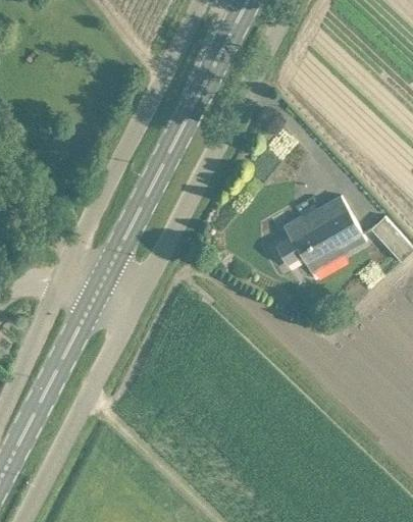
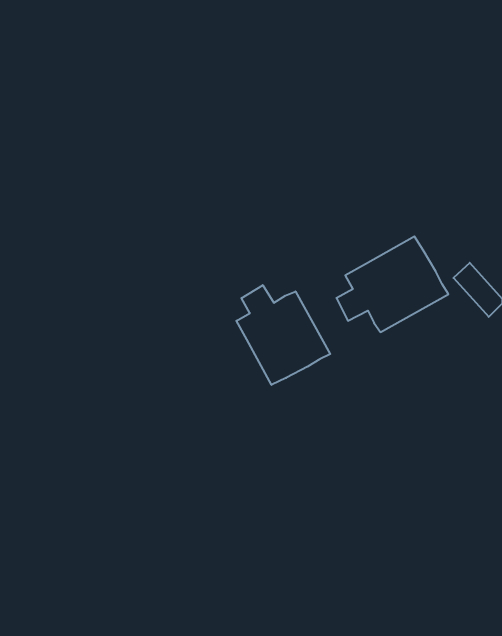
building: none -> [236,285,330,385]

